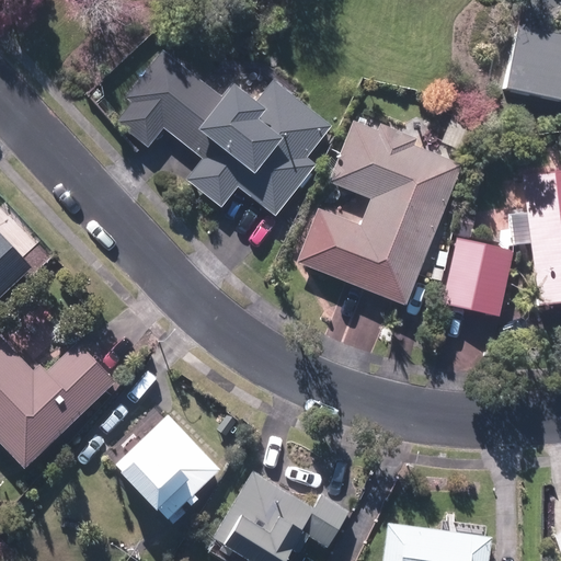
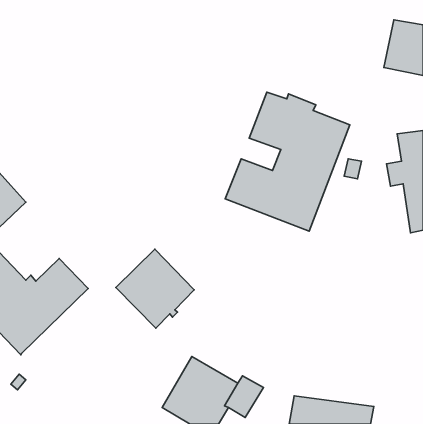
building: [115,50,333,215] -> none
building: [443,238,513,314] -> none
building: [115,414,218,518] -> [116,249,194,328]

